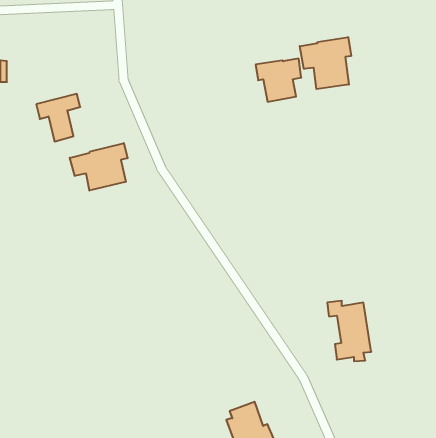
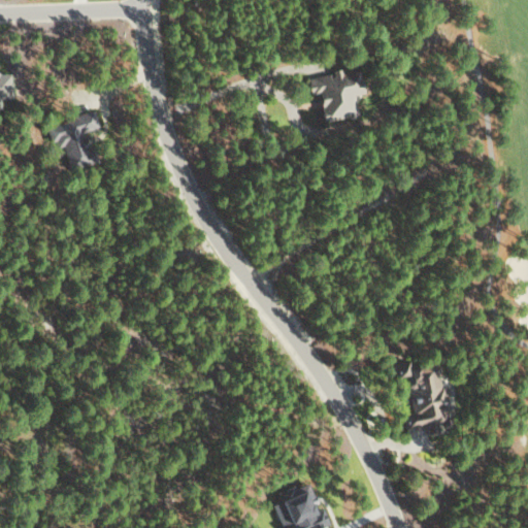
building: [300,37,351,89] -> none
building: [70,143,128,191] -> none

